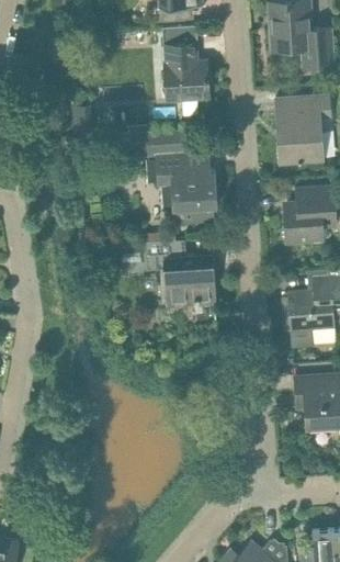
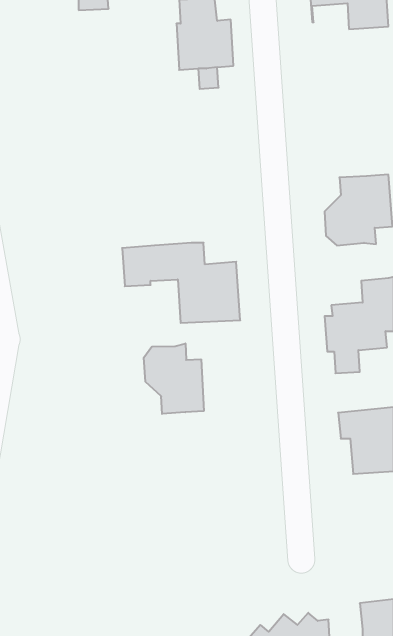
building: [276,94,330,164] -> none
building: [122,130,217,224] -> none
building: none -> [144,343,204,414]

